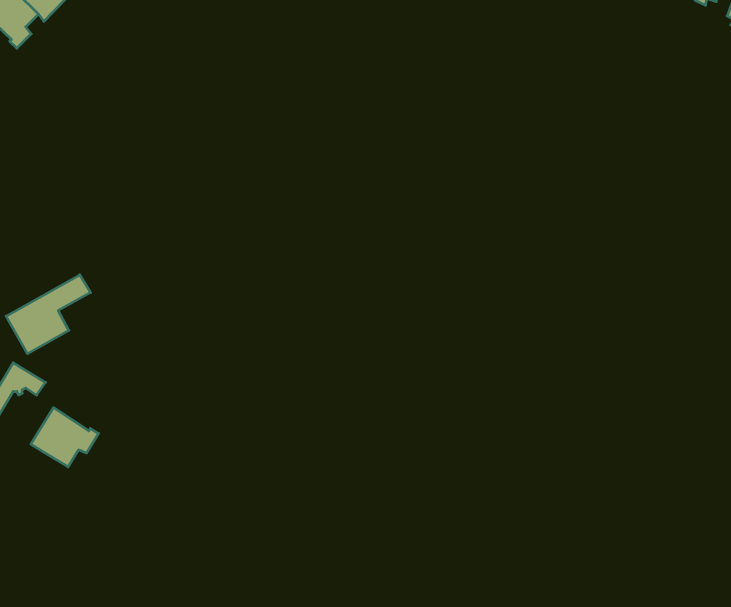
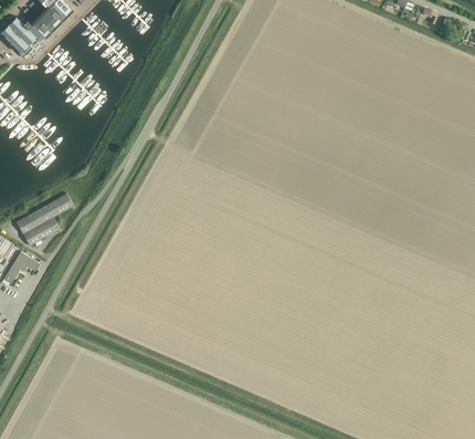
building: [31,408,99,467] -> none

